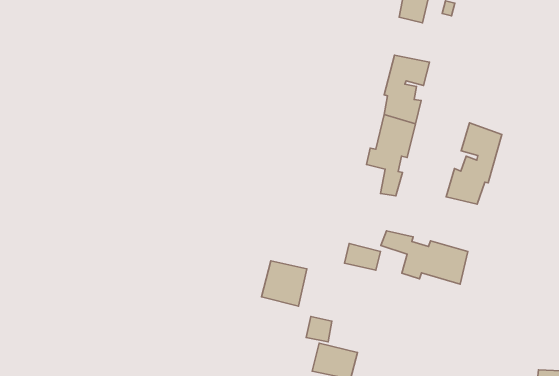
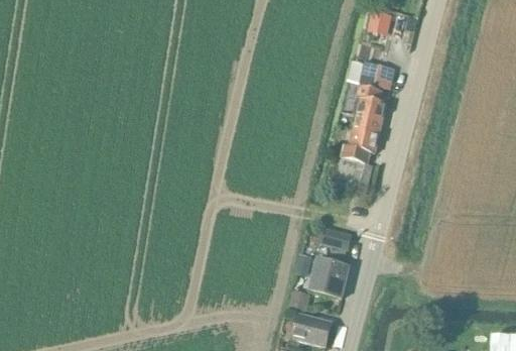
building: [446,123,502,204] -> none
building: [381,231,468,284] -> none
building: [261,261,307,306] -> [308,258,348,298]

